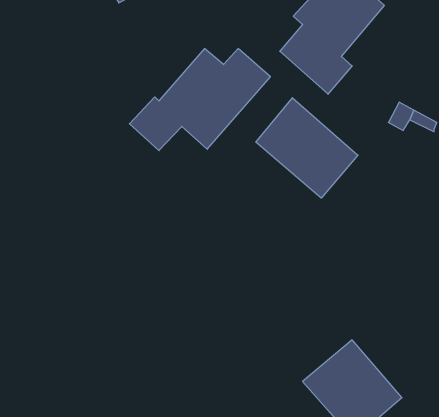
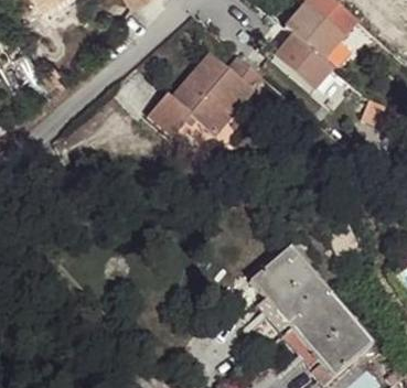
building: [256,98,358,198] -> none
building: none -> [249,249,332,332]

